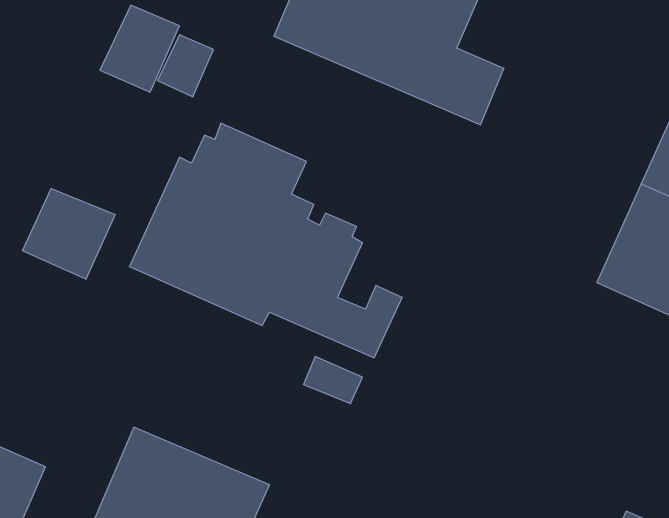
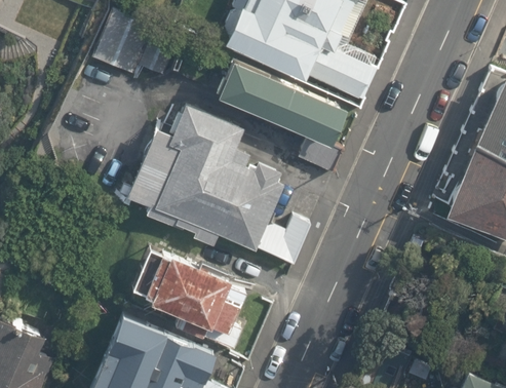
building: none -> [213,63,343,151]
building: [22,189,115,279] -> none
building: none -> [132,250,247,349]

